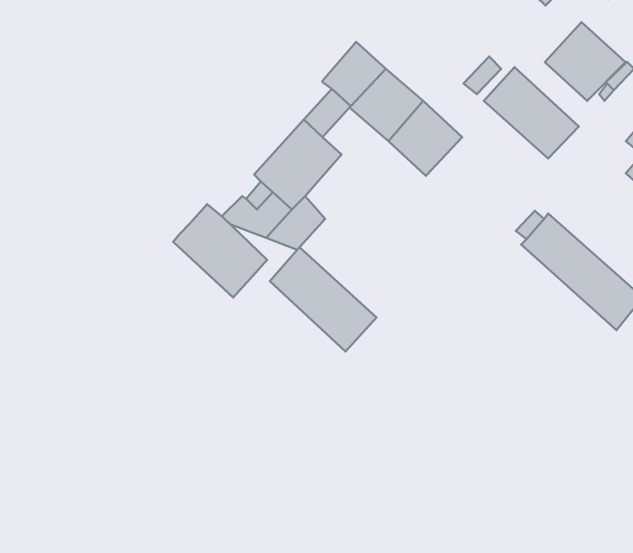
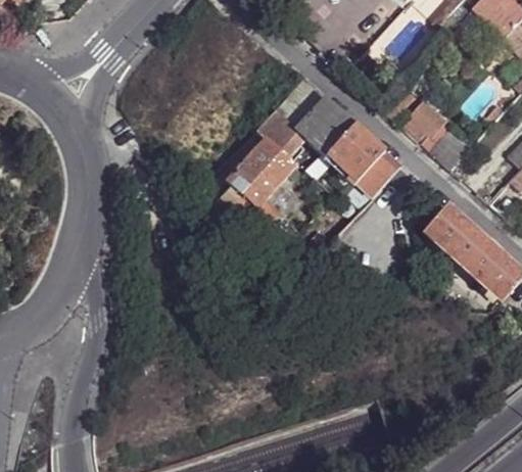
building: [545,22,625,101] -> none
building: none -> [358,151,401,195]
building: [173,204,267,298] -> none
building: [270,247,376,352] -> none

